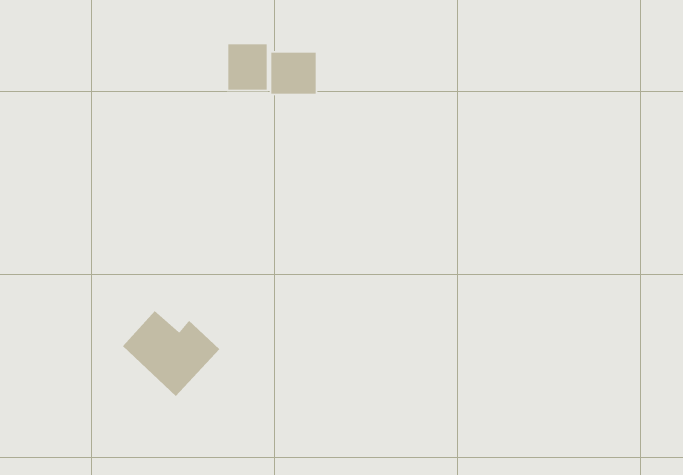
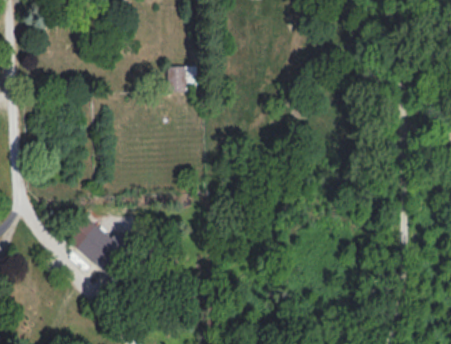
building: [227,44,268,90] -> none

